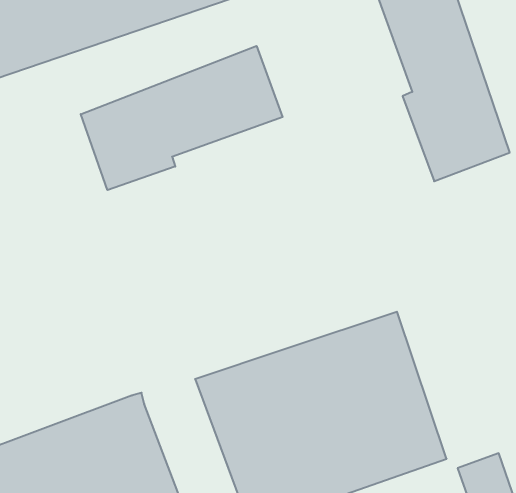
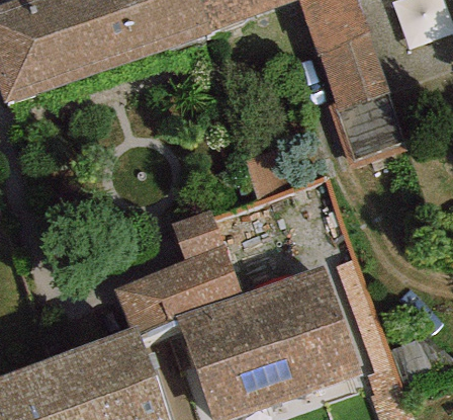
building: [81,46,283,190] -> none
building: none -> [114,211,243,334]

